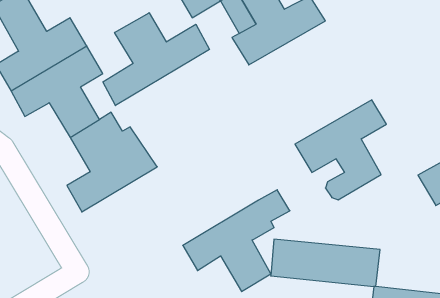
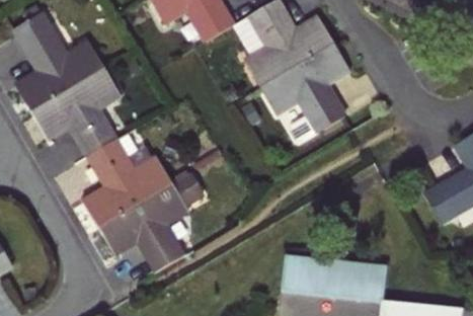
building: [103,13,209,106] -> none
building: [295,100,386,200] -> [260,44,348,140]
building: [183,190,290,292] -> [99,174,203,272]

